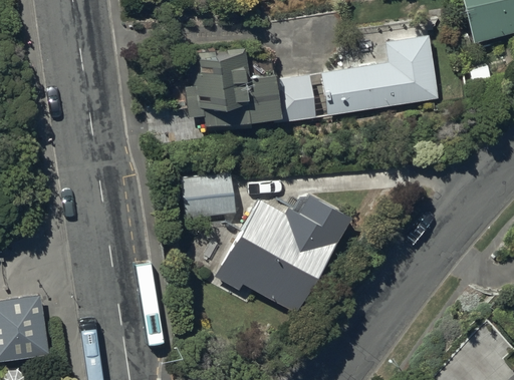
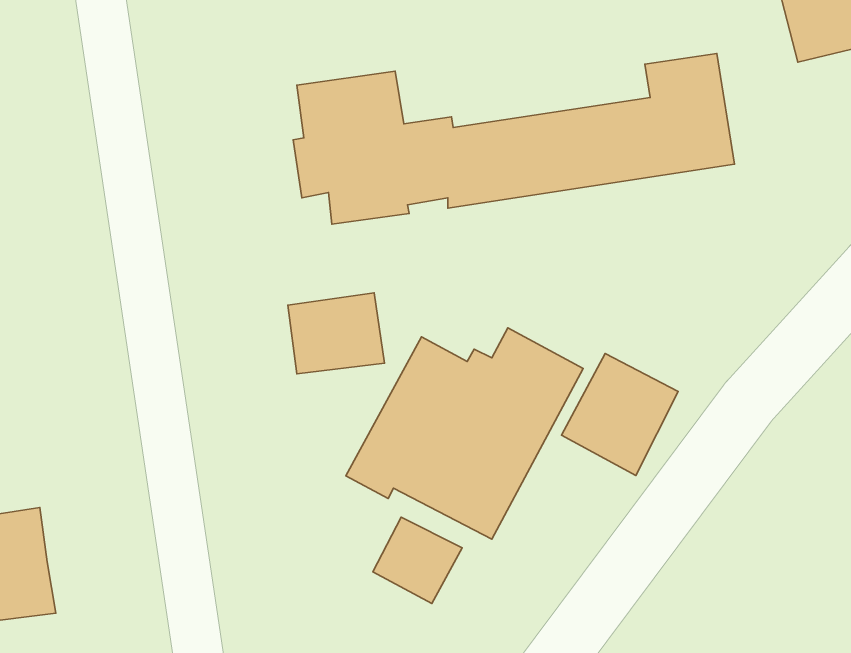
building: none -> [561,353,678,475]
building: none -> [373,517,462,604]

